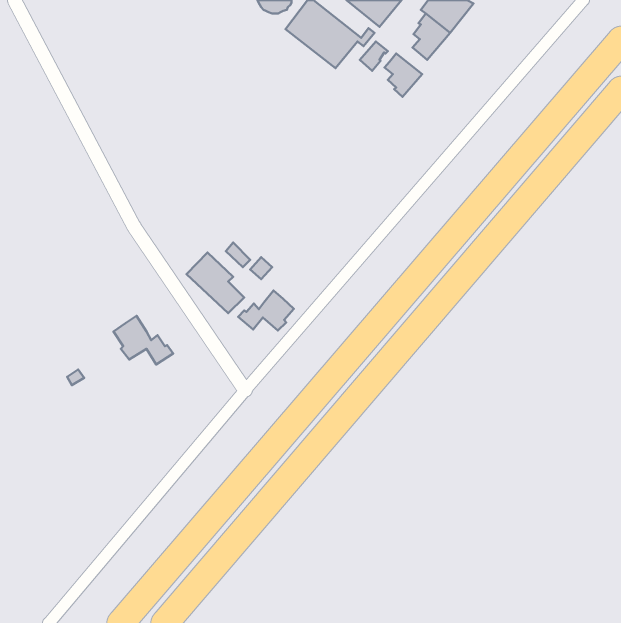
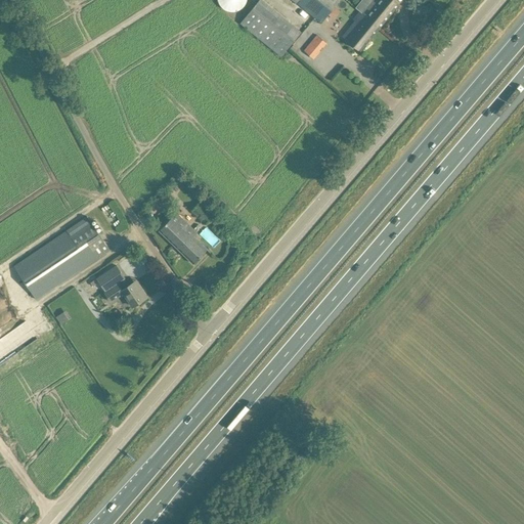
building: [385,53,422,97] -> none
building: none -> [12,217,107,299]
building: [238,290,294,330] -> none

